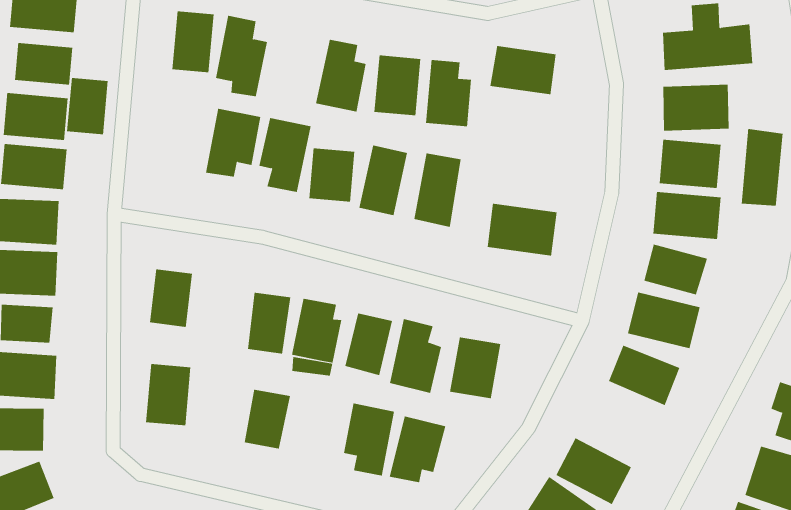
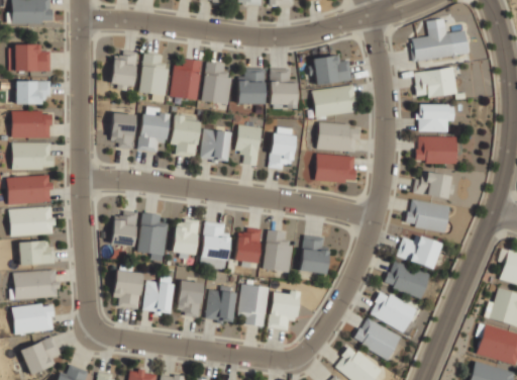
building: none -> [171,59,202,100]
building: [66,77,109,135] -> [111,113,134,147]
building: none -> [312,85,357,117]
building: [741,128,783,207] -> none
building: none -> [318,123,358,151]
building: none -> [137,213,169,261]
building: none -> [143,276,174,314]
building: none -> [384,262,429,299]
building: none -> [207,287,234,321]

